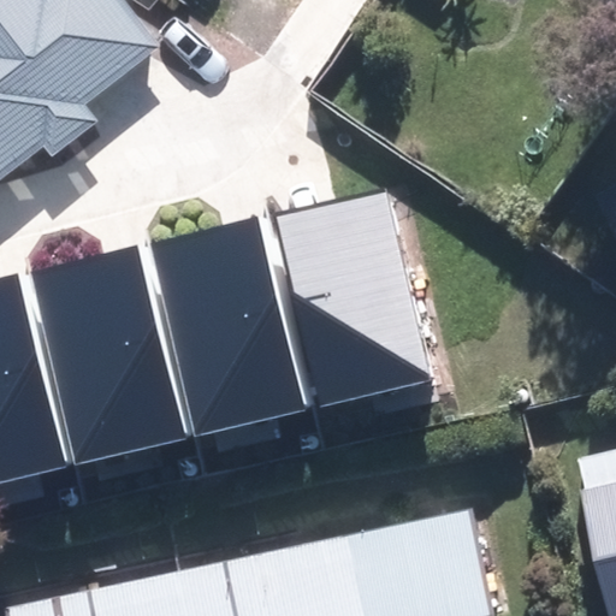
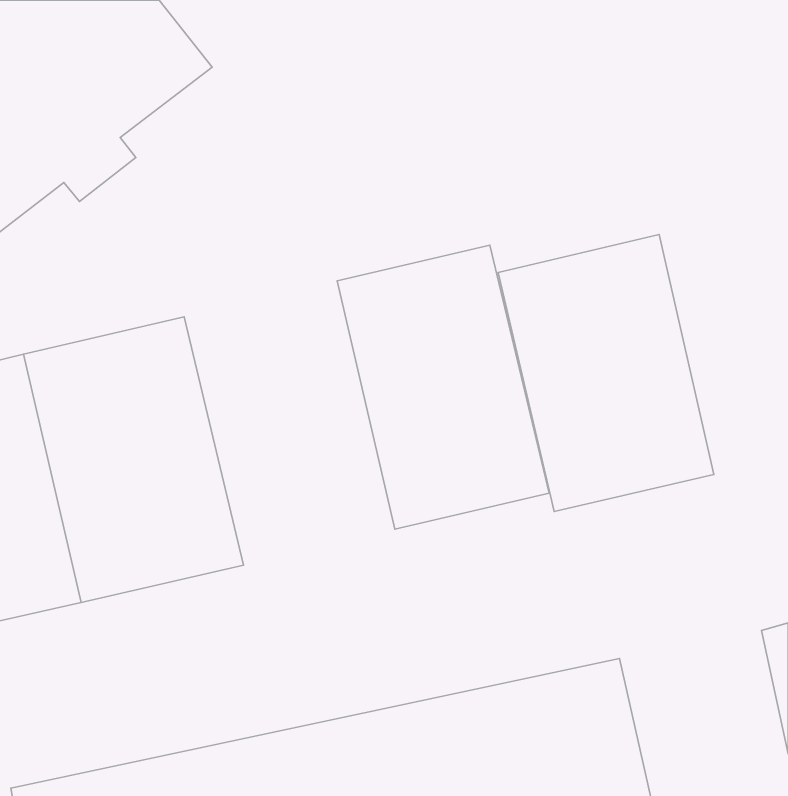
building: none -> [498,235,714,512]
building: [142,218,304,437] -> none

